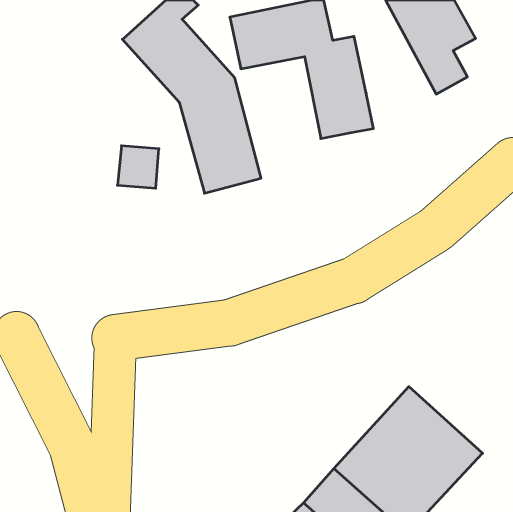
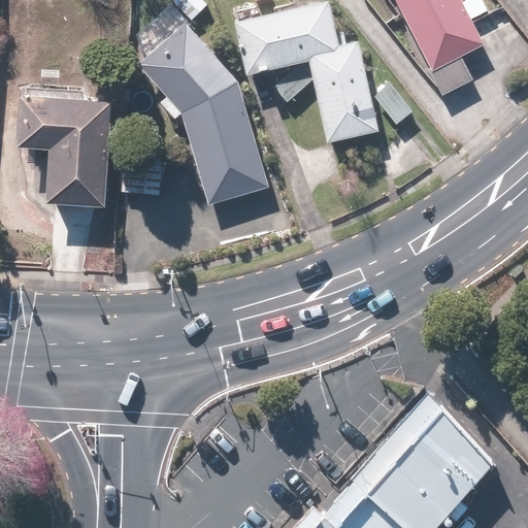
building: none -> [21,95,113,204]

